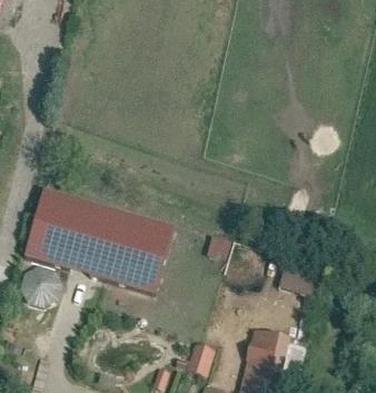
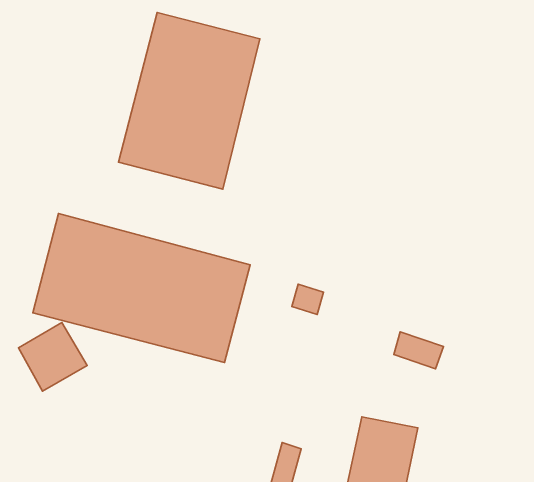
building: none -> [119,13,260,189]

